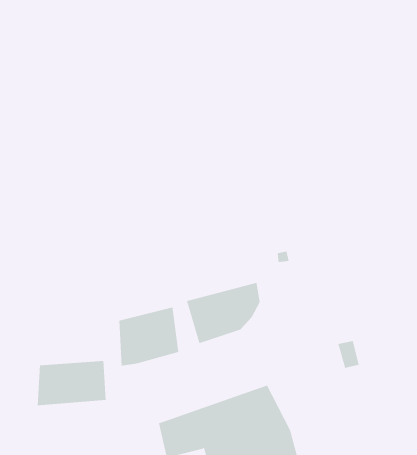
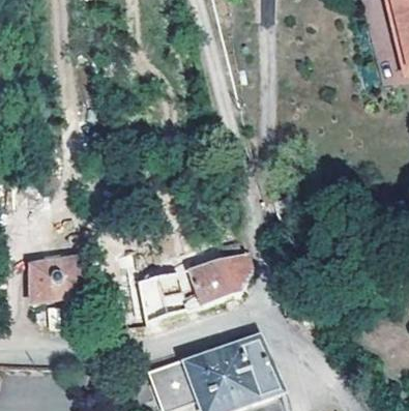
building: [37,361,107,406] -> [26,260,88,300]

